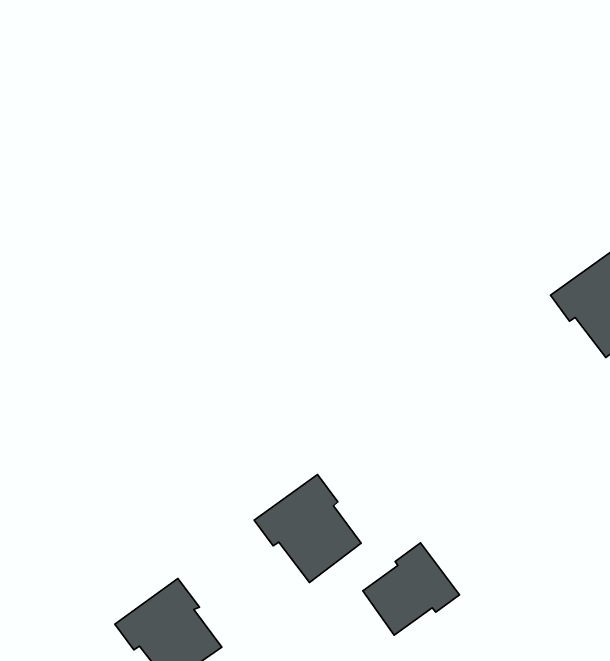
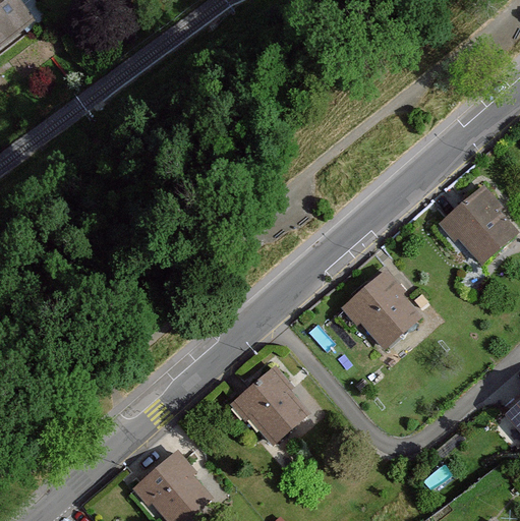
building: none -> [340,271,420,351]
building: [363,543,460,635] -> none

